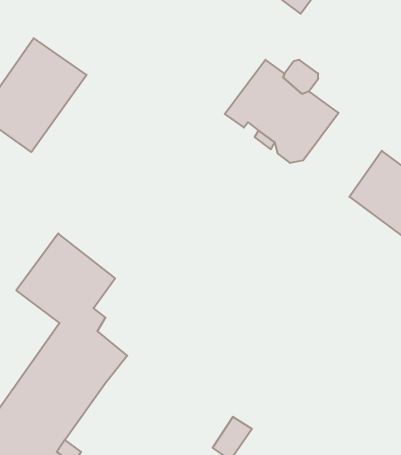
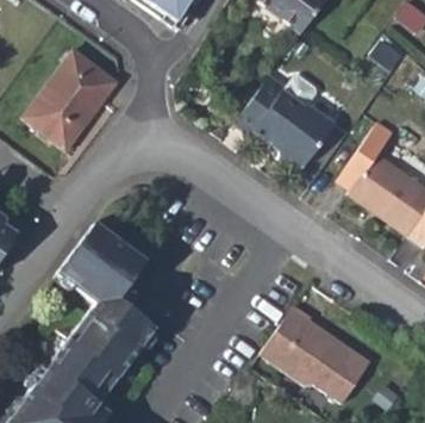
building: none -> [260,313,371,409]

